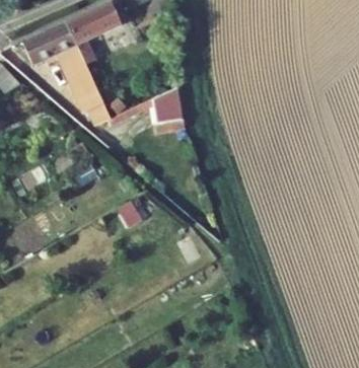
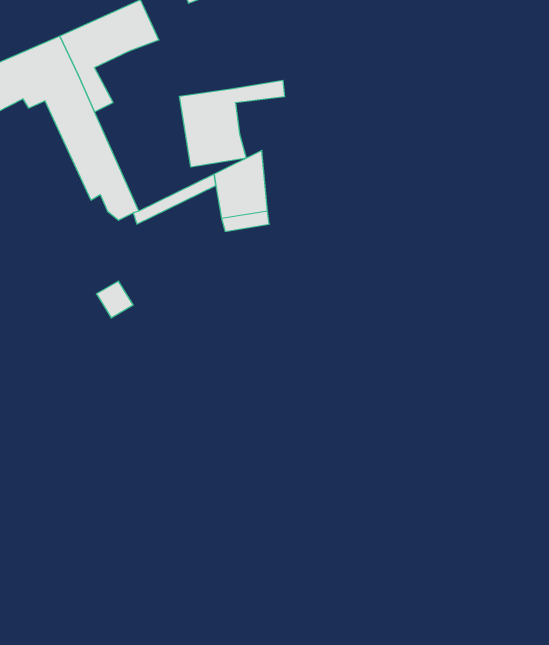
building: none -> [180,80,285,167]

